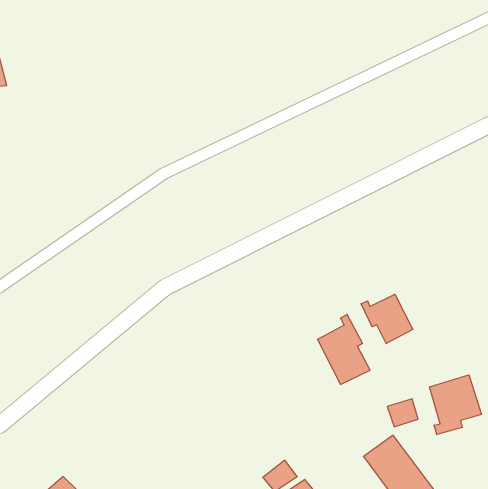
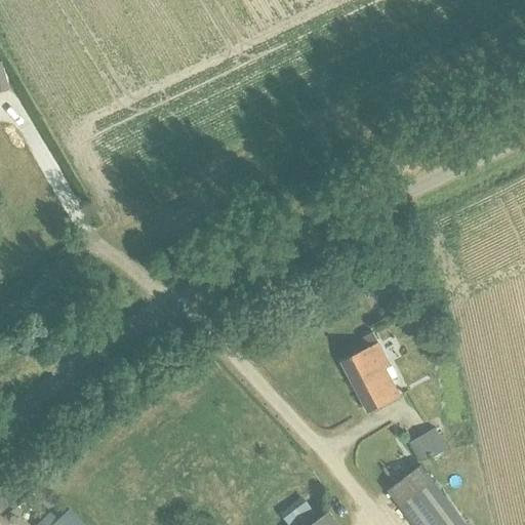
building: [361,294,413,344] -> none
building: [430,375,481,435] -> none

